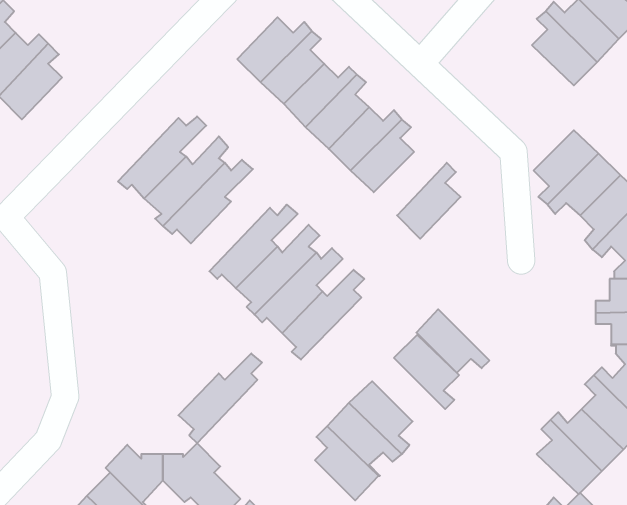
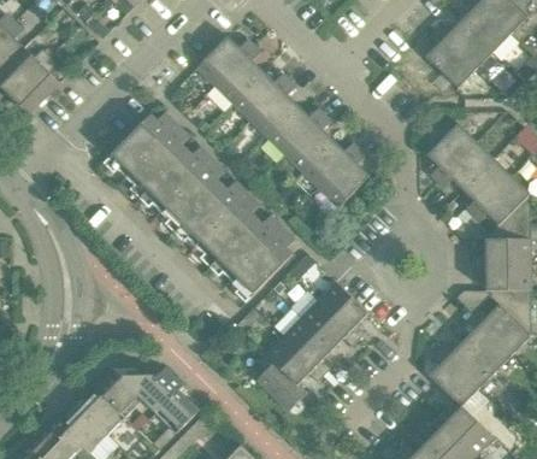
building: none -> [302,140,359,189]
building: [416,309,489,373] -> [301,300,358,349]
building: [178,353,262,443] -> [160,163,225,233]

